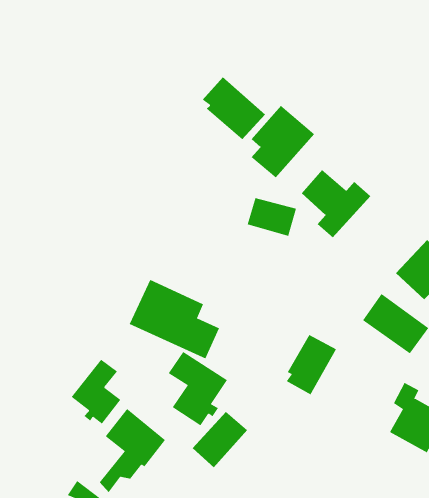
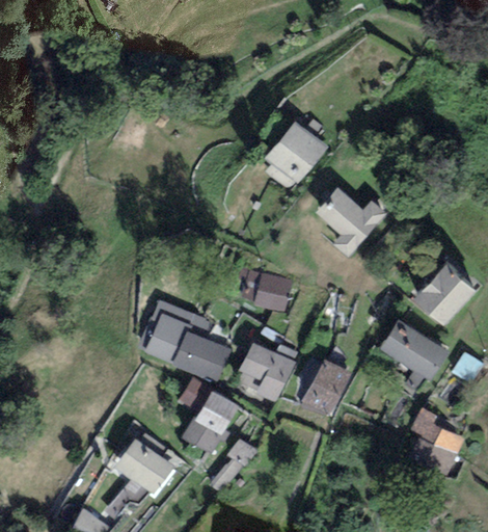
building: [202,76,266,140] -> none
building: [247,198,297,237] -> [240,273,292,314]
building: none -> [238,340,295,400]
building: [71,359,121,424] -> none

